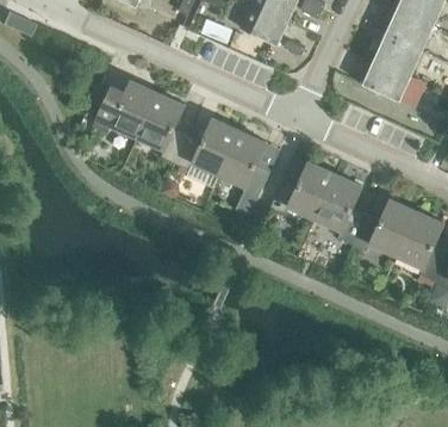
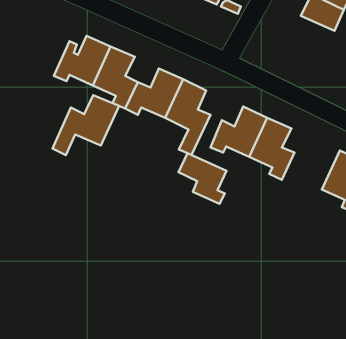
building: [362,58,411,101] -> none
building: none -> [53,95,119,155]
building: [351,199,417,255] -> none
building: none -> [178,153,226,204]

